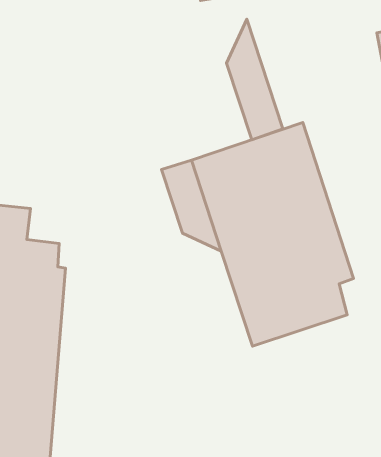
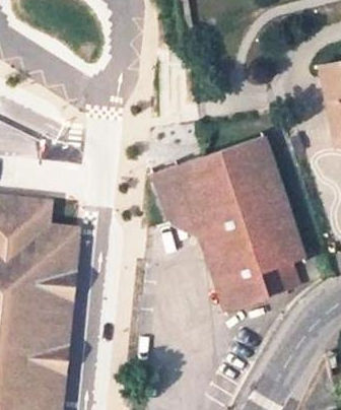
building: [227,19,283,140] -> none

